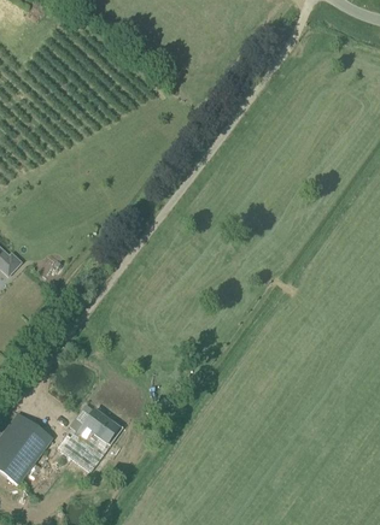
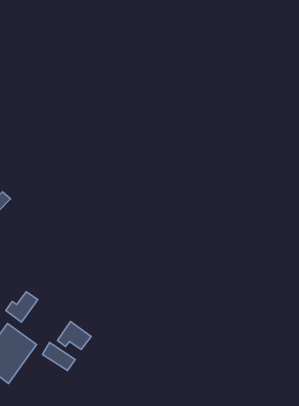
building: none -> [6,292,38,322]

